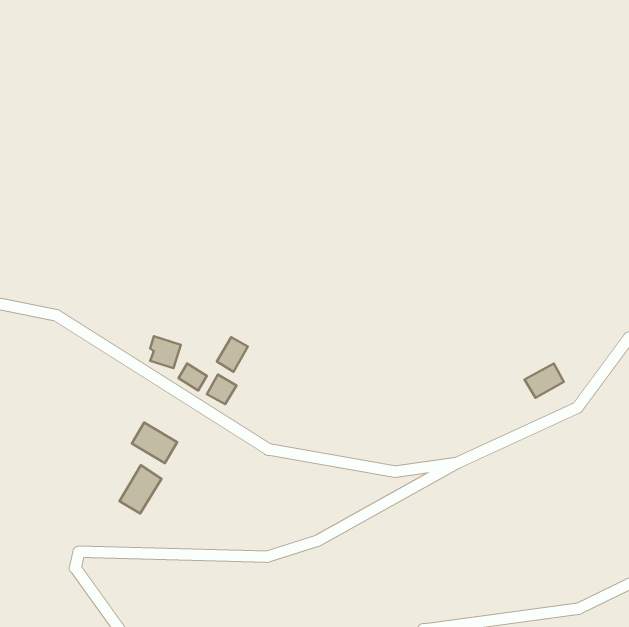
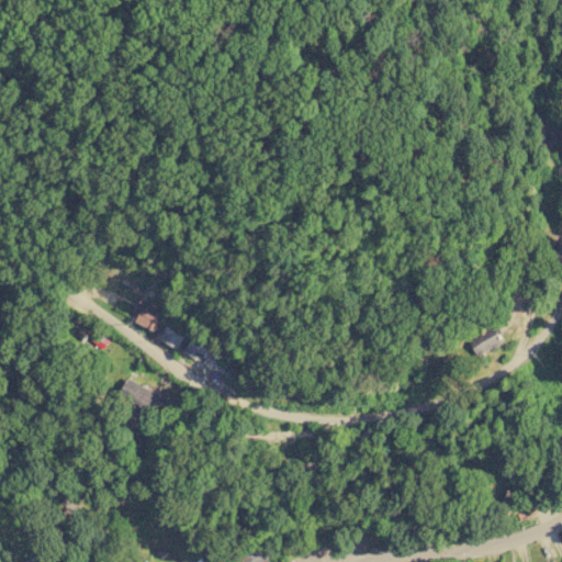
building: [217,337,248,372] -> none
building: [120,465,161,513] -> none

